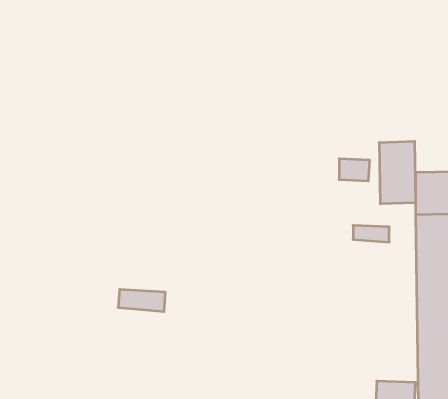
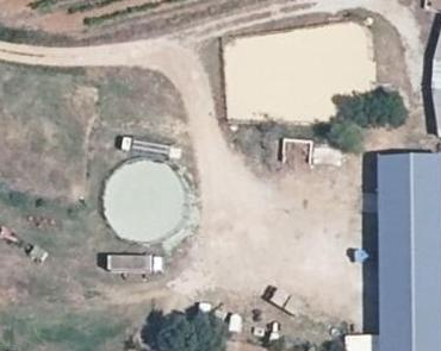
building: [379,141,416,204] -> none

